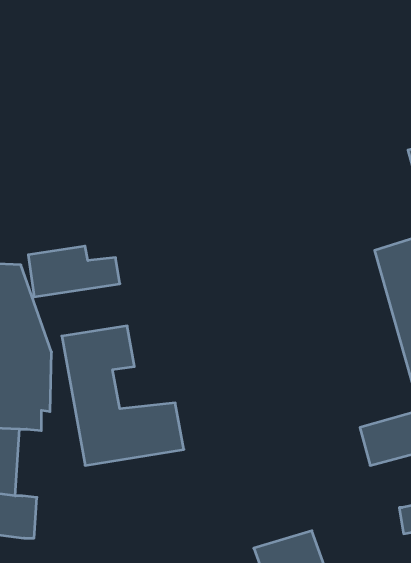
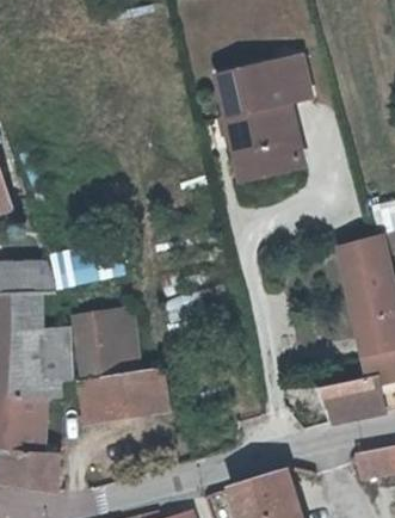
building: none -> [214,57,308,181]

